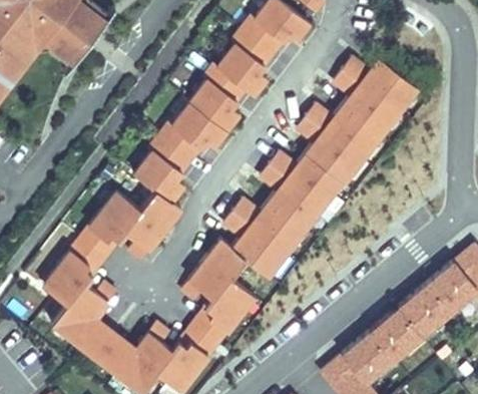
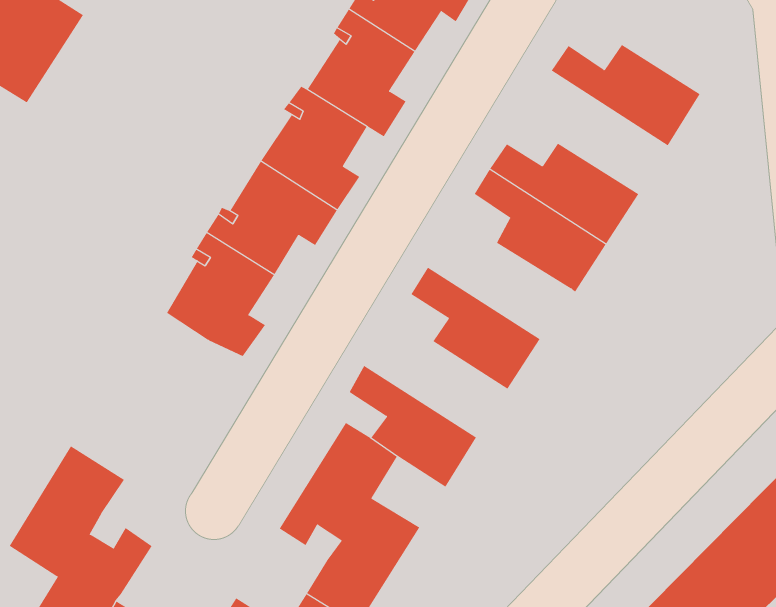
building: [333,70,398,137] -> none
building: [270,152,342,207] -> none
building: [79,191,181,261] -> none
building: [232,200,305,254] -> none

